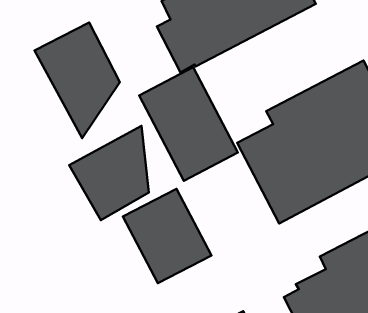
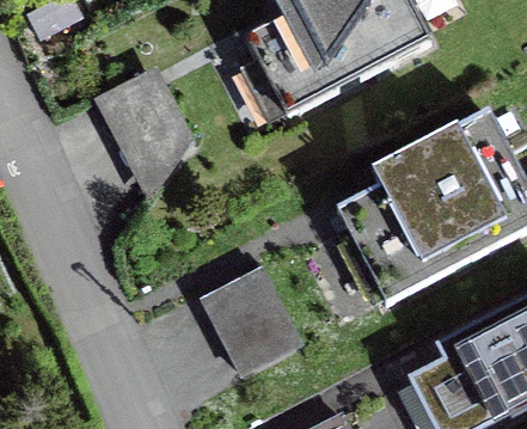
building: [139,67,238,181] -> none
building: [69,126,149,220] -> none

